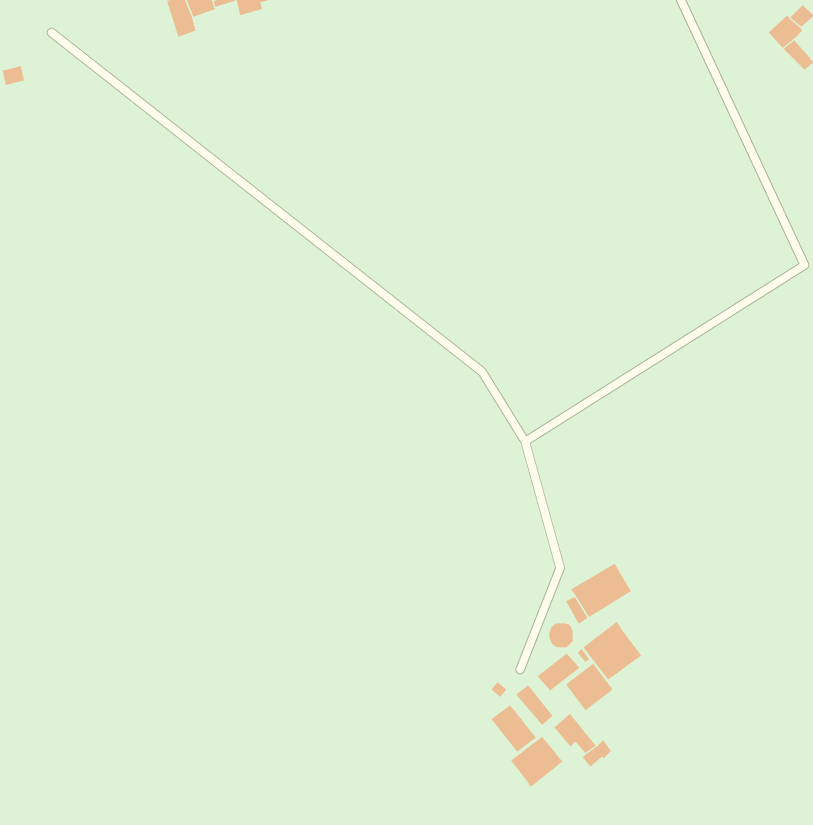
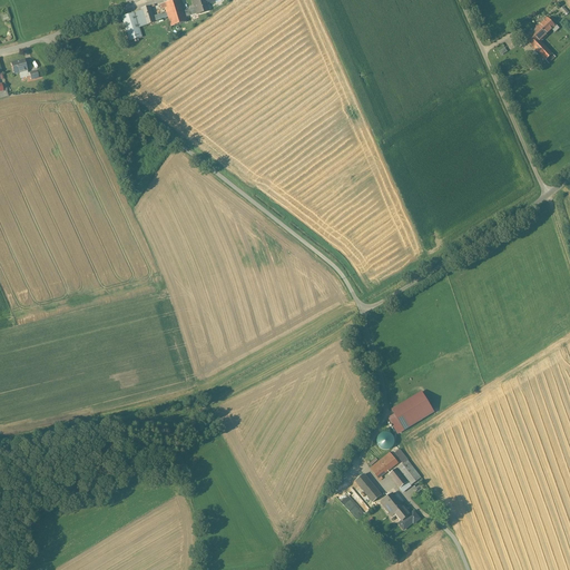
building: [582,621,642,680] -> none
building: [510,736,563,788] -> none

